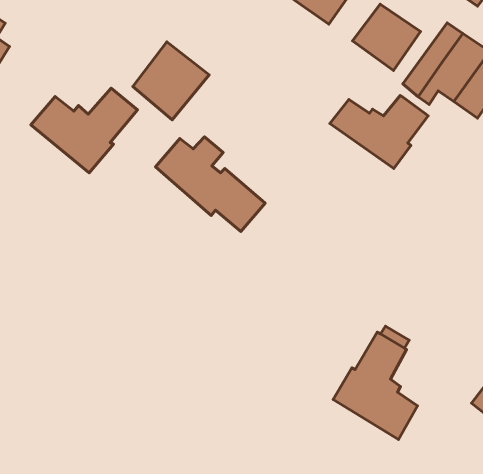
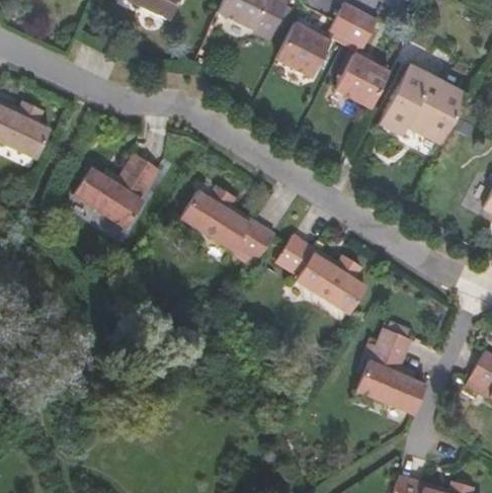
building: [133,42,209,120] -> none
building: [330,95,428,168] -> none
building: none -> [277,235,365,314]

